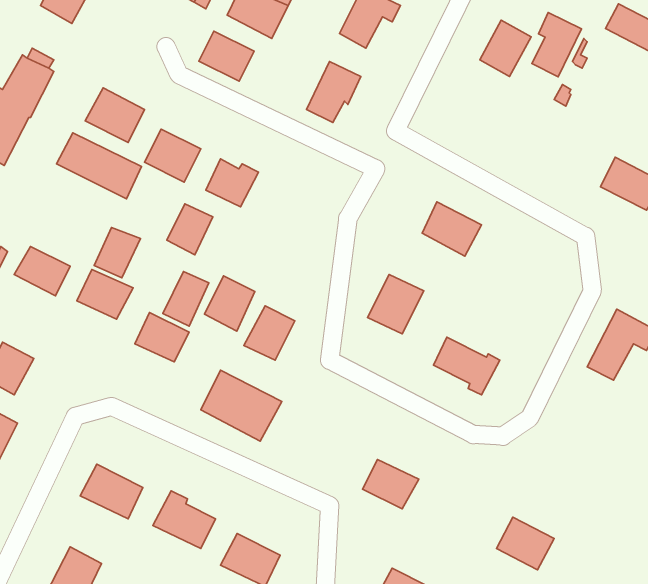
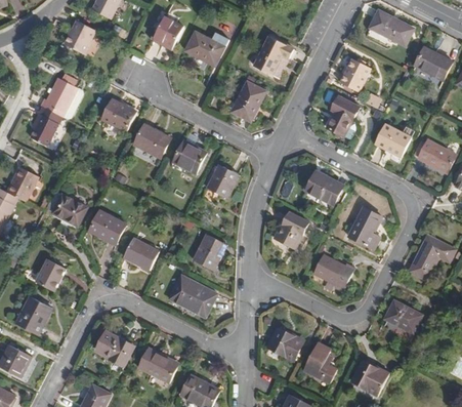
building: [532,12,581,77] -> [330,95,361,135]
building: [199,31,254,81] -> none
building: none -> [376,125,411,157]
building: [57,133,141,199] -> none
building: [167,204,213,255] -> [208,163,237,195]
building: [94,227,140,278] -> none
building: none -> [348,208,381,249]
building: [163,271,209,326] -> none
building: [205,276,255,331] -> none
building: none -> [384,299,422,333]
building: none -> [304,344,337,383]

